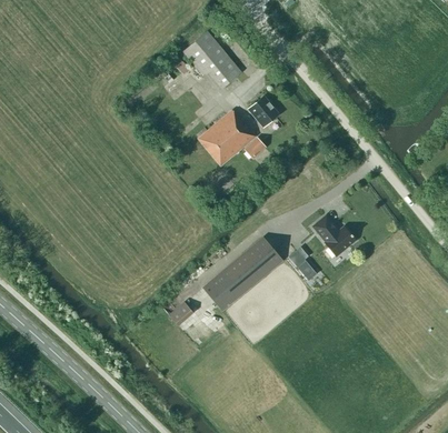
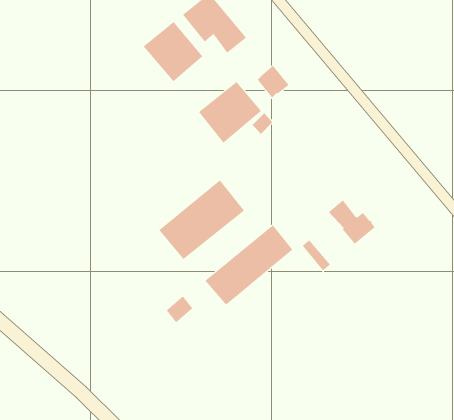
building: none -> [143,21,203,82]
building: none -> [159,180,245,260]

